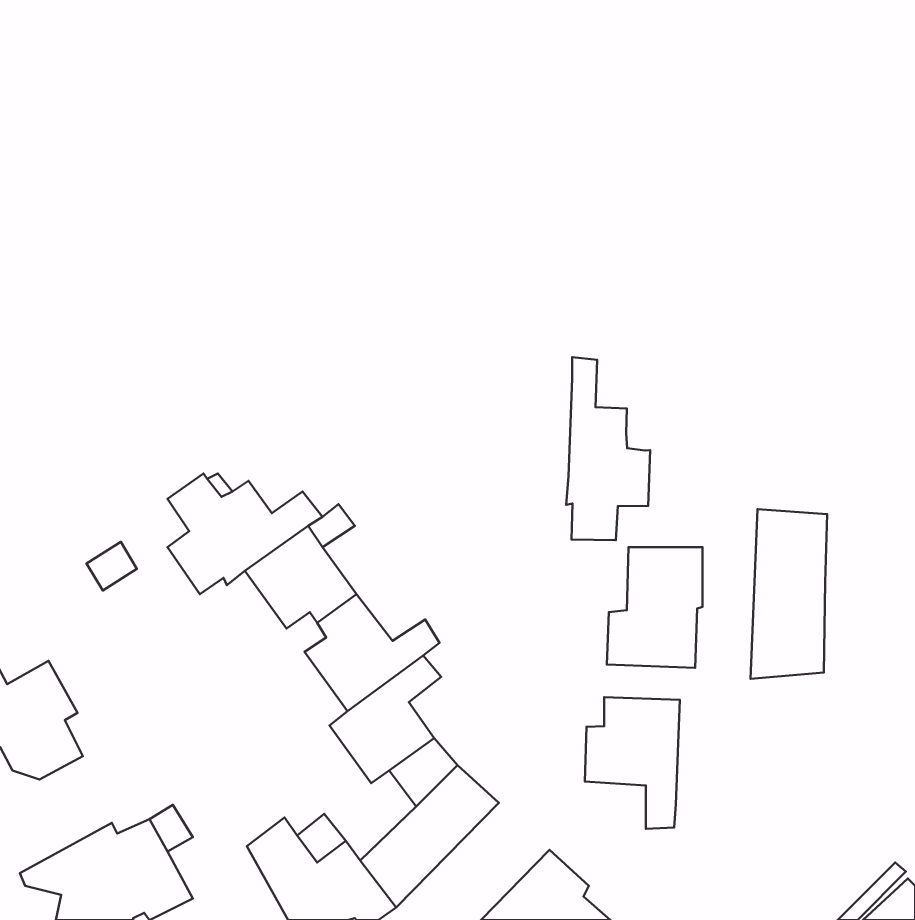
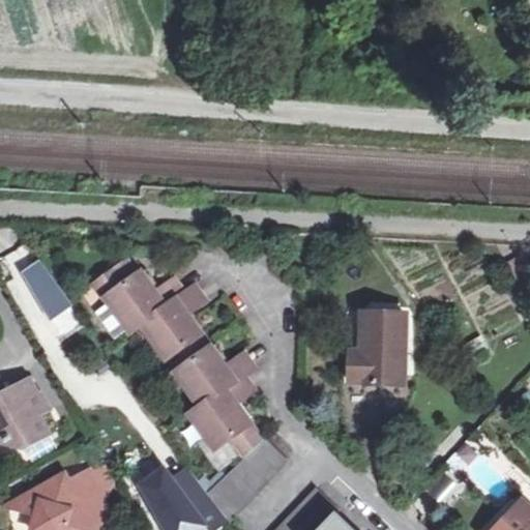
building: [566,357,650,540] -> none
building: none -> [27,267,68,320]
building: [751,509,827,679] -> none
building: [585,697,680,829] -> none

